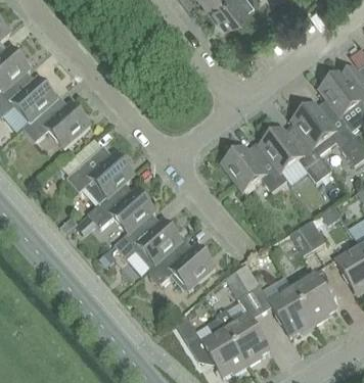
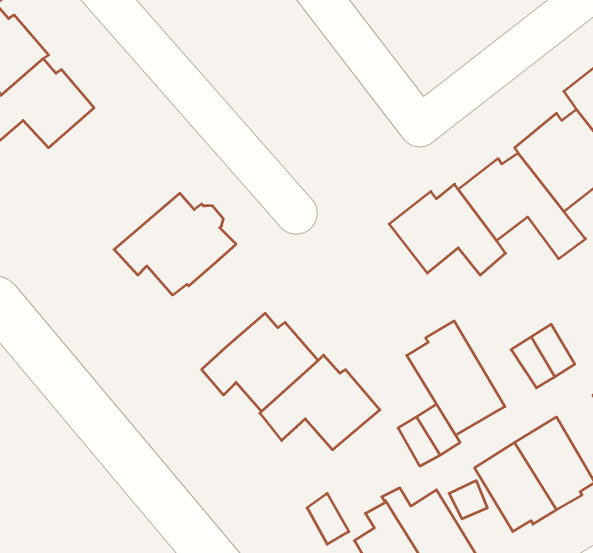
building: [21,94,90,147] -> none
building: [88,182,155,232] -> none
building: none -> [407,321,505,435]

